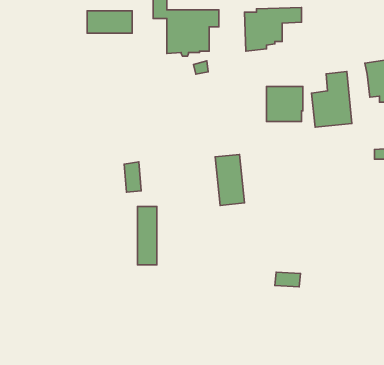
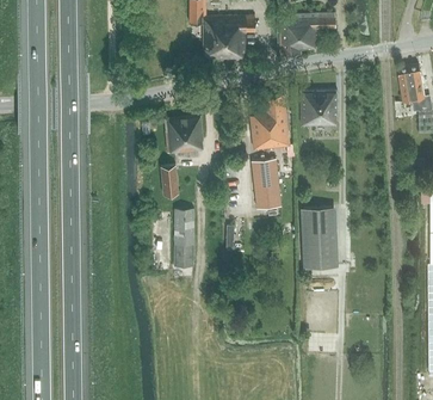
building: [87,11,132,33] -> none
building: [312,71,352,127] -> [249,96,289,150]
building: none -> [165,117,203,159]
building: none -> [301,208,338,270]

